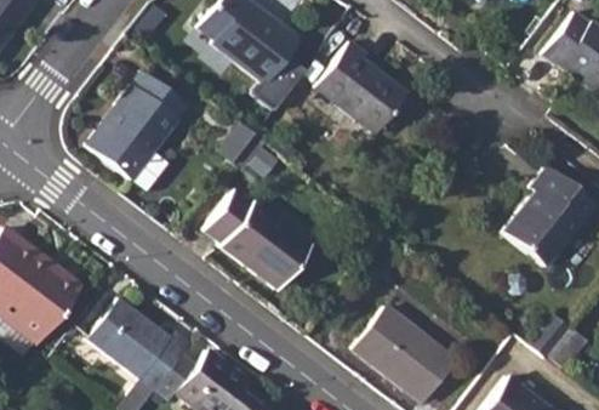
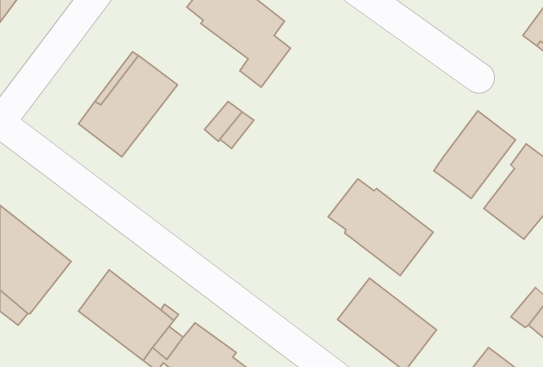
building: [318,41,409,133] -> none
building: none -> [434,111,515,199]
building: [205,192,313,291] -> [328,179,433,276]

